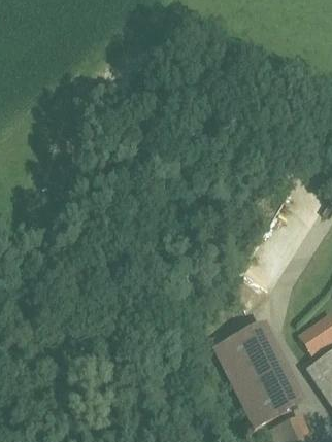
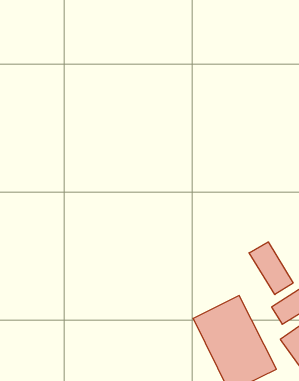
building: none -> [249,242,293,295]

